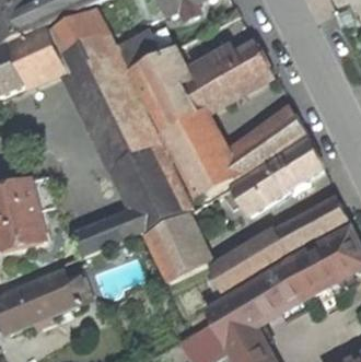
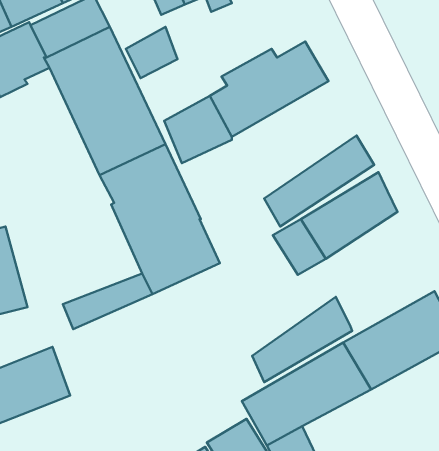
building: [130,51,182,101] -> none
building: [161,115,234,201] -> none
building: [276,199,347,254] -> none
building: [143,213,207,281] -> none

